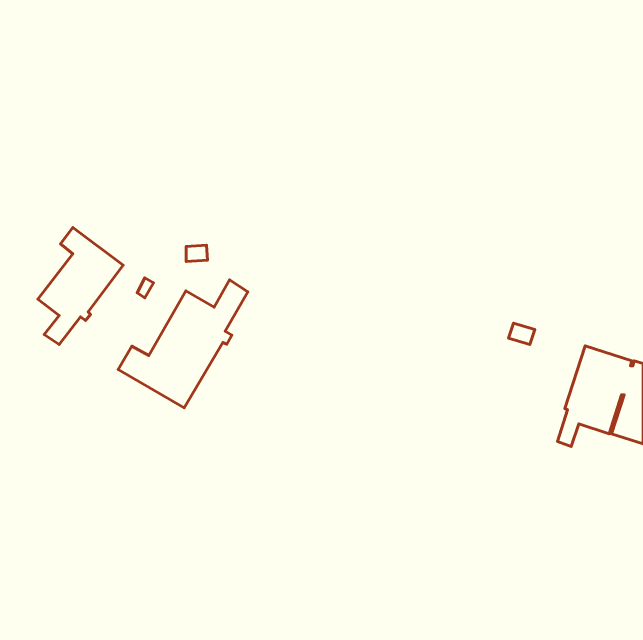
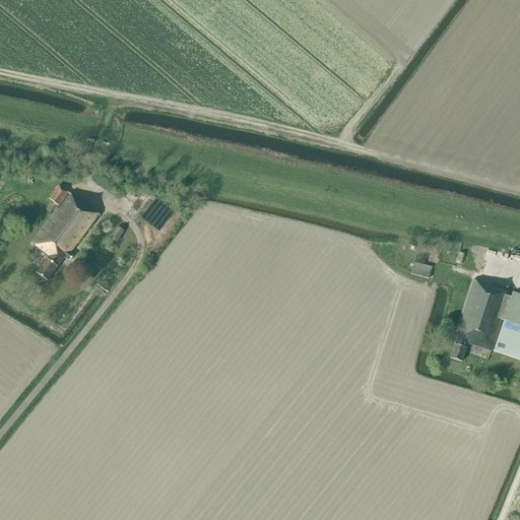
building: [118,280,248,408] -> none

